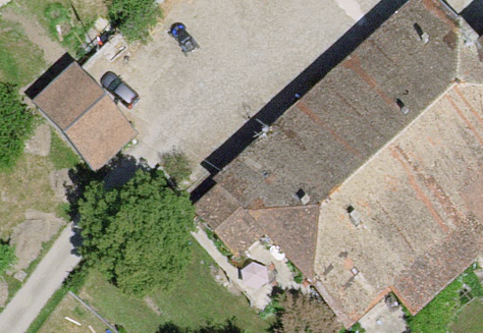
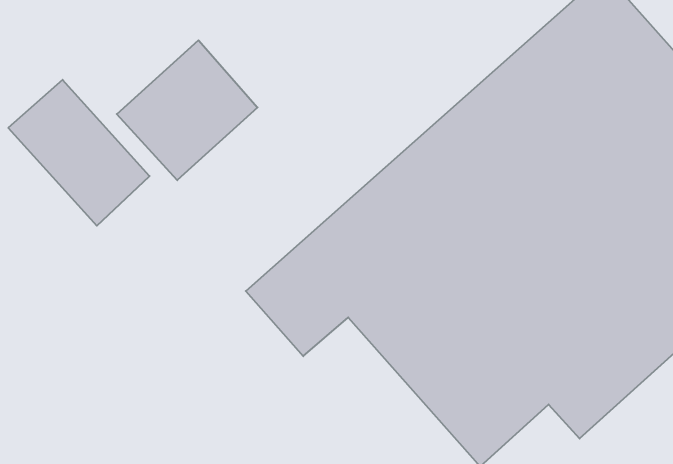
building: none -> [117,40,258,180]

